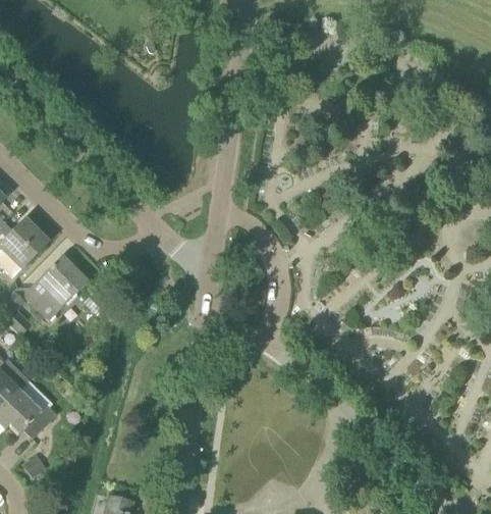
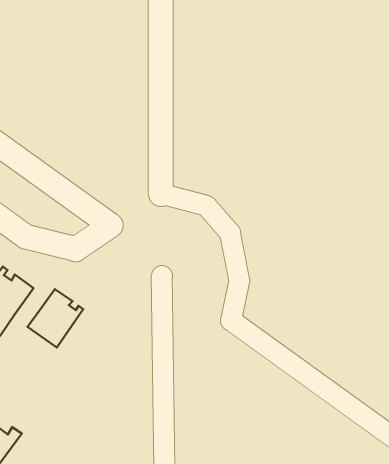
building: none -> [28,289,83,348]

